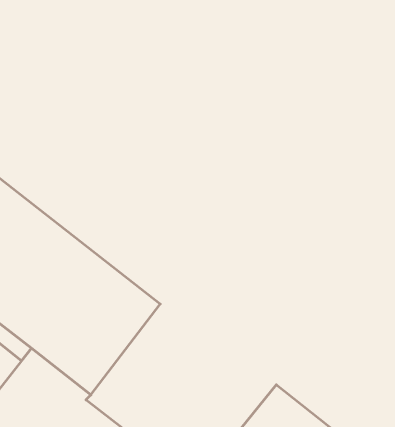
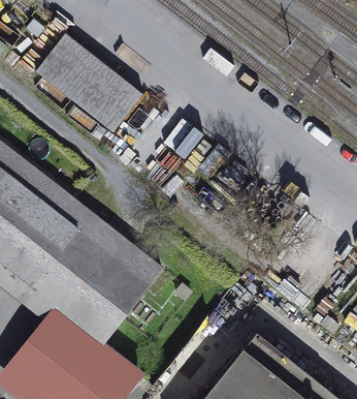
building: none -> [35,33,142,132]

